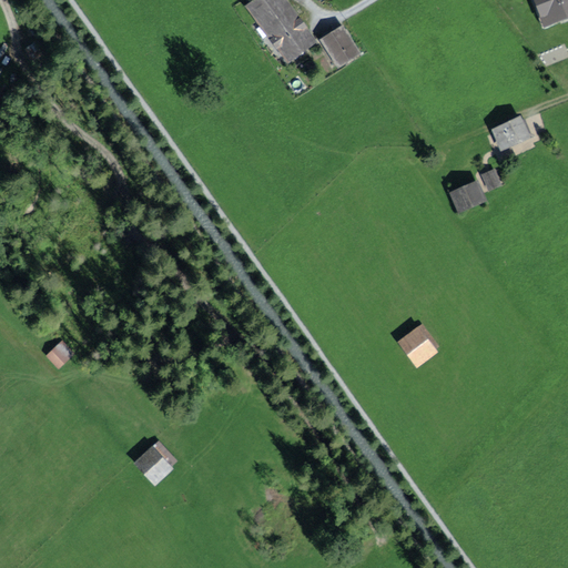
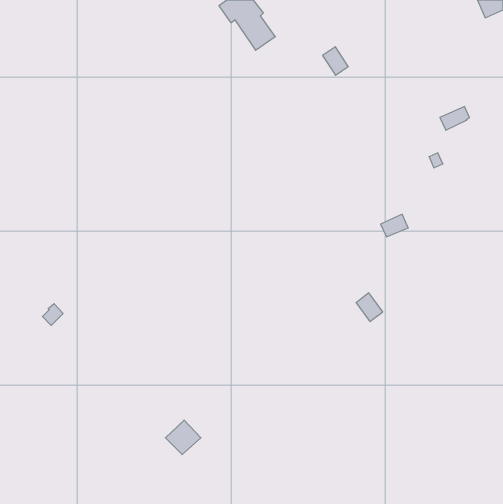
building: [325,31,354,63] -> [323,47,348,75]
building: [452,184,483,210] -> [381,214,408,237]
building: [135,442,175,480] -> [165,420,201,455]

